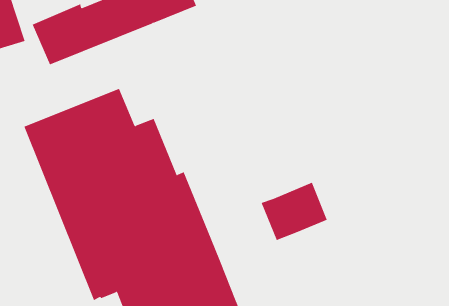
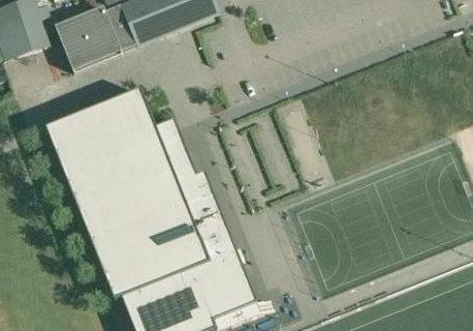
building: [261,182,328,241] -> none

